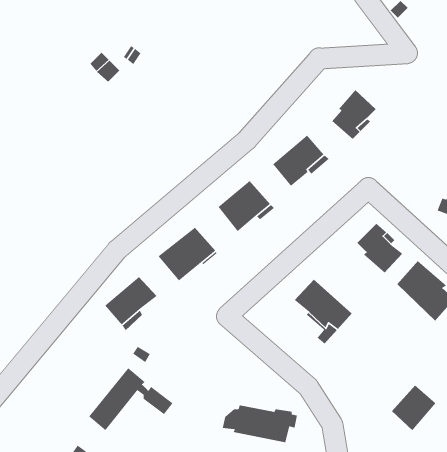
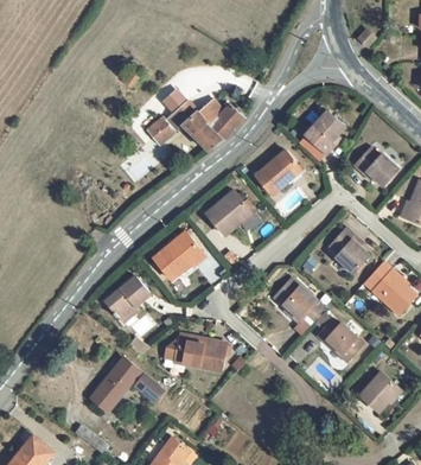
building: none -> [146,98,244,151]
building: none -> [353,147,398,186]
building: none -> [317,318,365,363]
building: [222,404,298,443] -> [164,337,231,371]

